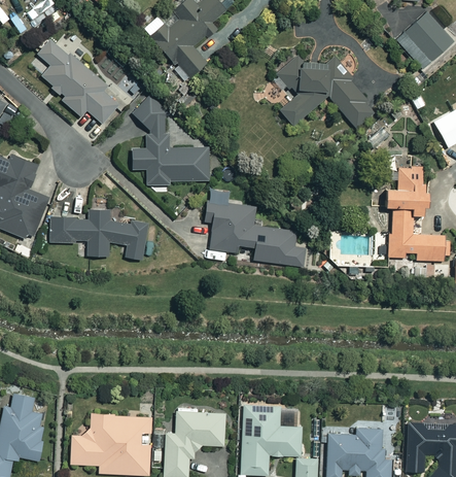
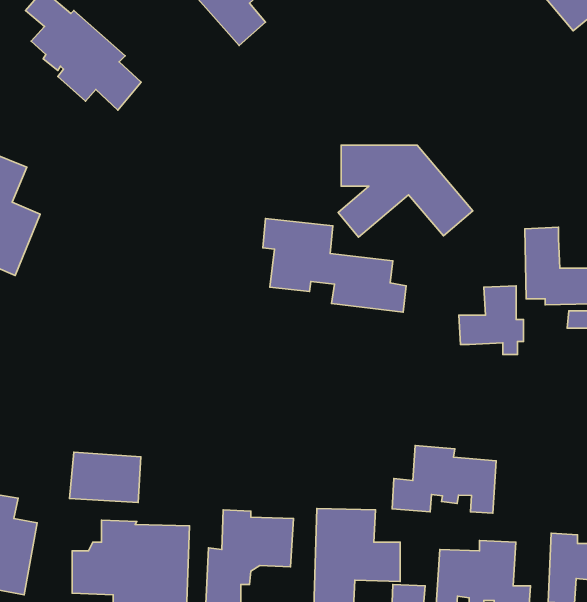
building: [280,61,375,126] -> [338,145,473,237]
building: [132,93,212,185] -> none
building: [382,166,427,214] -> [459,286,523,355]
building: [48,207,146,259] -> none
building: none -> [392,446,496,513]
building: none -> [70,452,141,503]

